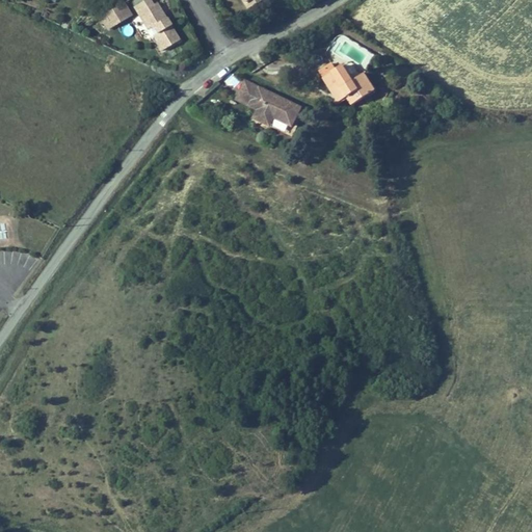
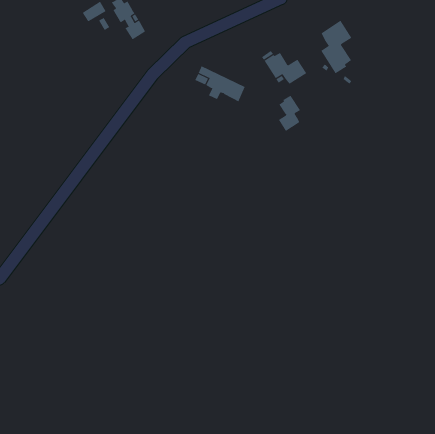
building: none -> [320,20,352,74]
building: none -> [278,95,301,132]

